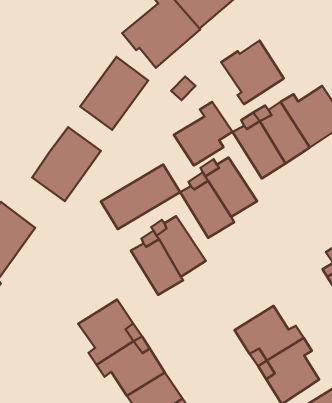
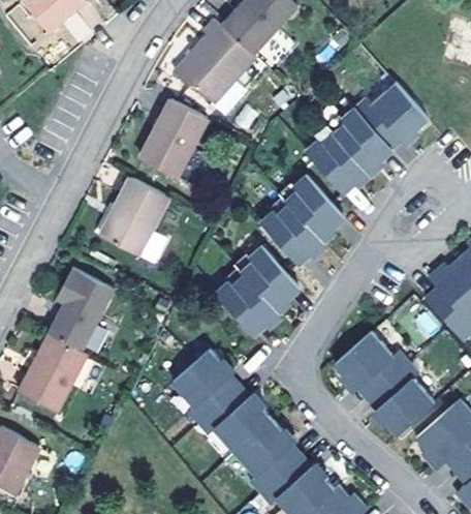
building: [221,41,284,104] -> none
building: [174,102,233,165] -> none
building: [101,165,180,229] -> none

